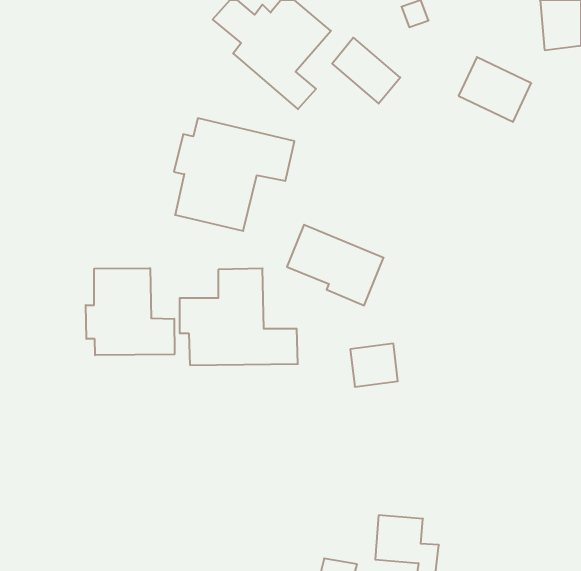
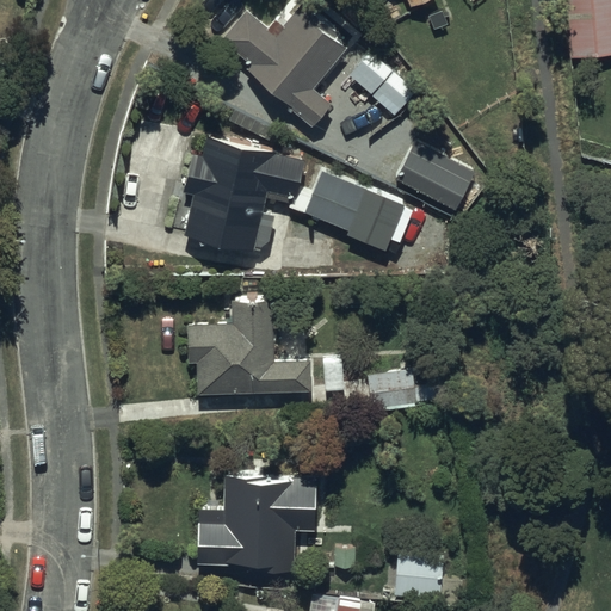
building: [459,57,531,122] -> [397,146,474,214]
building: [287,225,384,305] -> [306,178,407,263]
building: [86,268,174,355] -> none
building: none -> [193,470,319,569]

